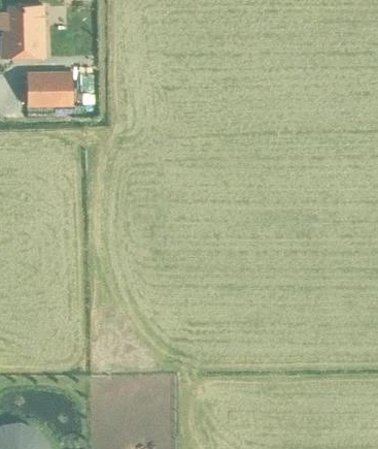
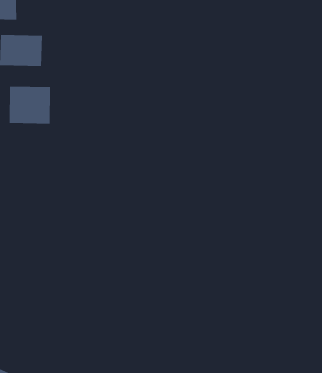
building: none -> [9,86,51,125]

